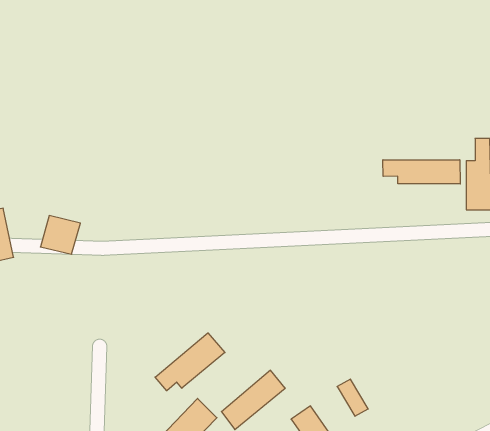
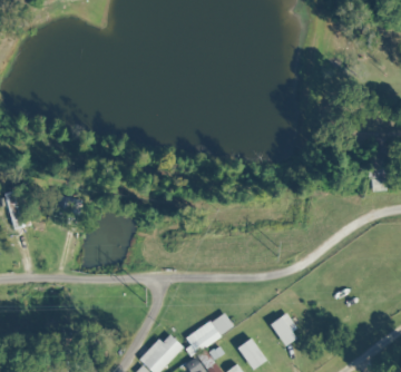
building: [383,160,460,184] -> none
building: [155,333,225,391] -> none

